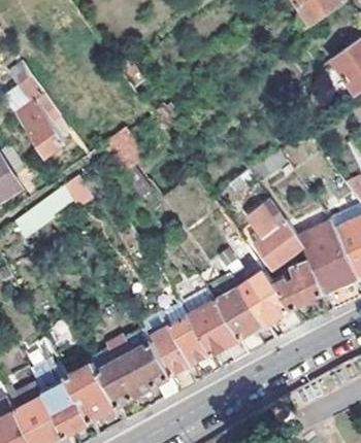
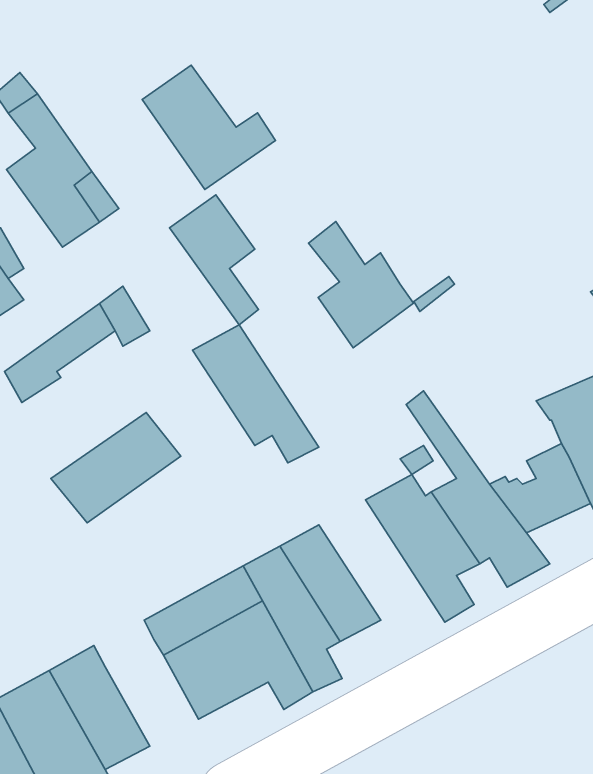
building: none -> [142,65,275,189]
building: [248,204,303,271] -> [309,222,413,348]
building: none -> [51,413,181,523]
building: [180,289,248,363] -> [193,325,319,463]
building: [67,364,117,420] -> none

